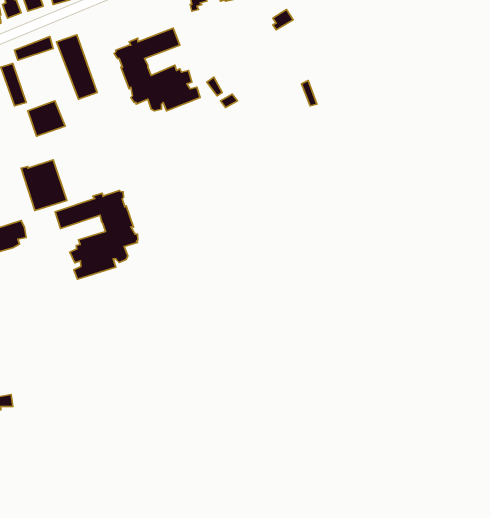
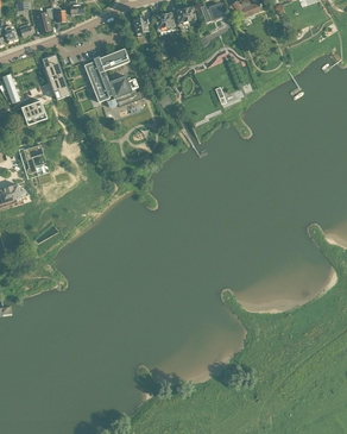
building: [55,190,138,279] -> none

